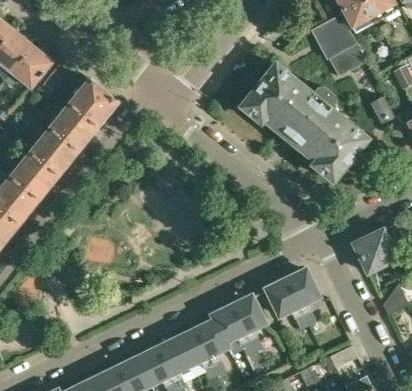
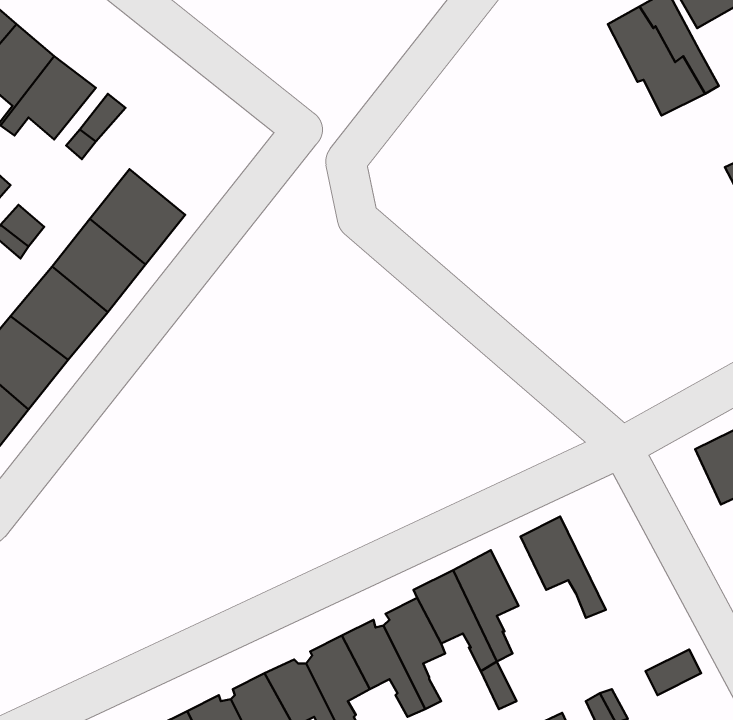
building: [240,64,368,182] -> none
building: [69,78,118,126] -> none
building: [286,269,318,325] -> none

